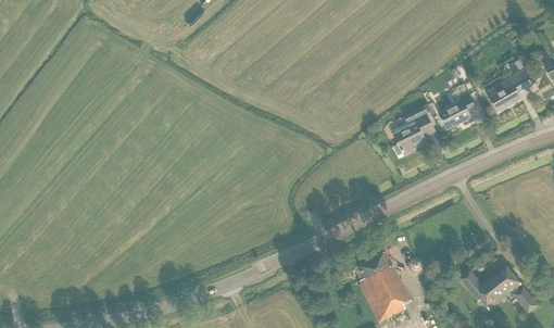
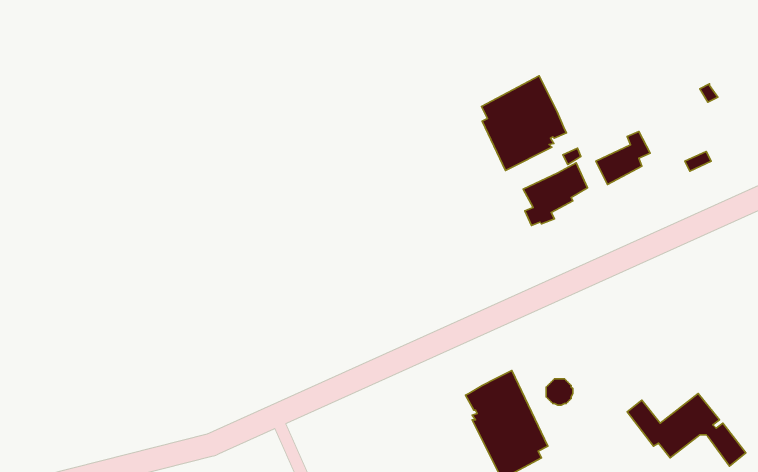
building: none -> [481,76,566,170]
building: [486,68,531,109] -> none

